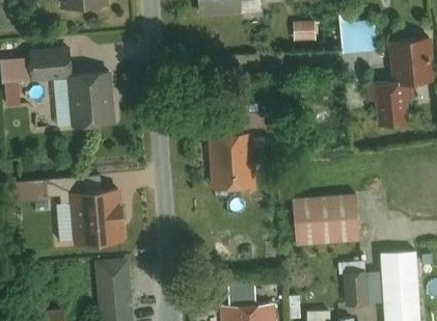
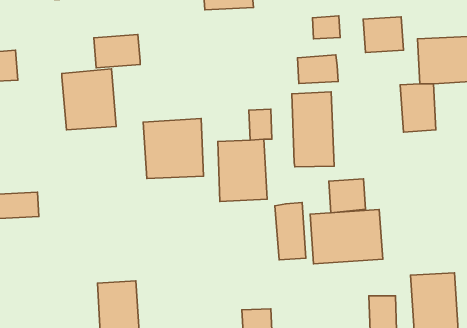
building: [26,50,67,80] -> [94,34,140,68]
building: none -> [298,55,338,84]
building: none -> [292,92,334,167]
building: none -> [329,179,366,213]
building: none -> [275,202,306,260]
building: [71,190,125,244] -> [143,119,203,179]

